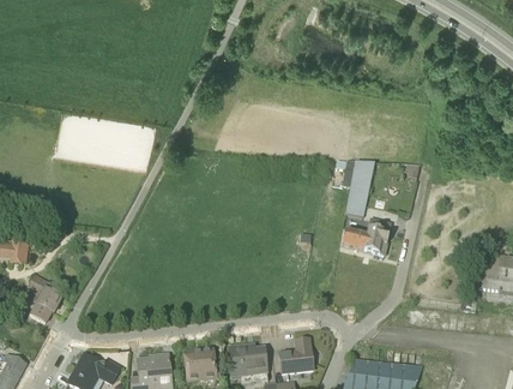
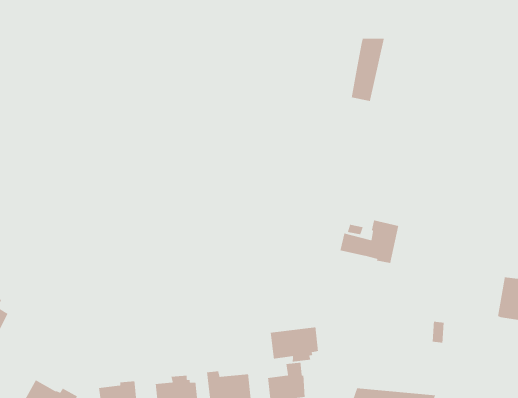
building: [344,162,373,216] -> [351,38,385,102]
building: none -> [270,327,319,363]

